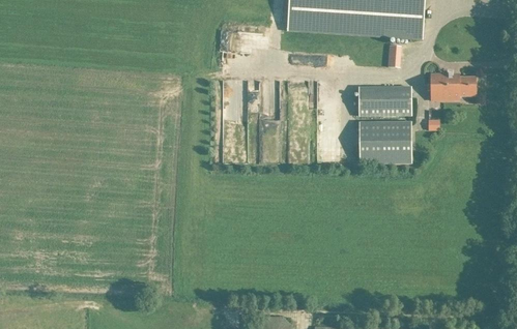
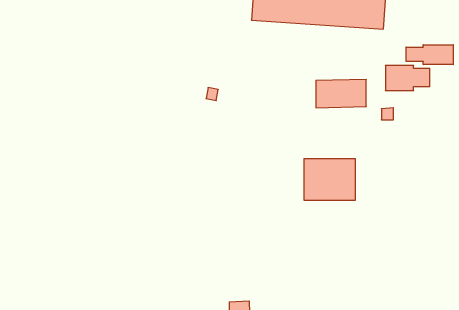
building: none -> [406,45,453,65]
building: [357,120,410,162] -> [304,159,355,200]

